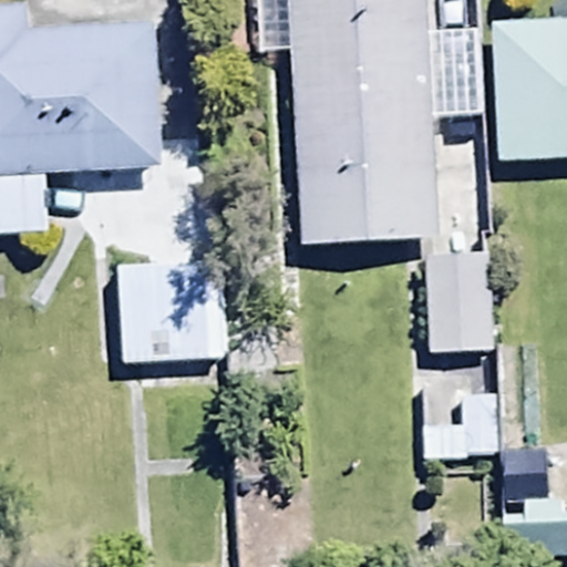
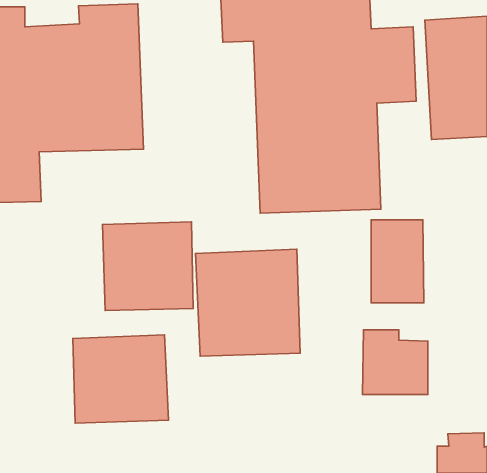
building: none -> [196,249,300,356]
building: none -> [73,335,168,423]

